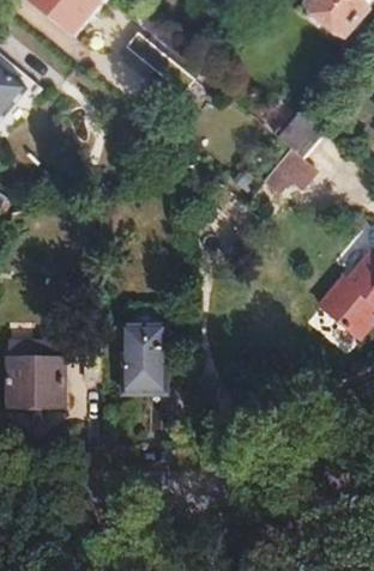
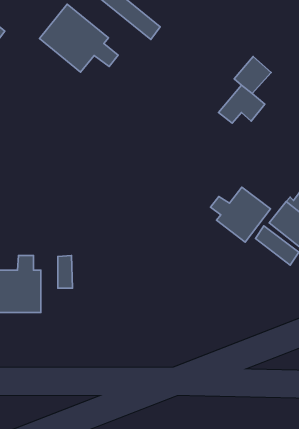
building: none -> [39,4,118,72]
building: none -> [211,187,270,242]
building: [121,309,167,393] -> none

